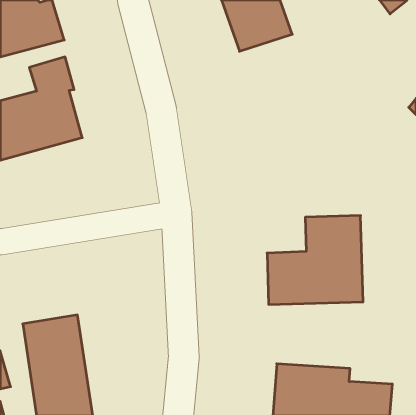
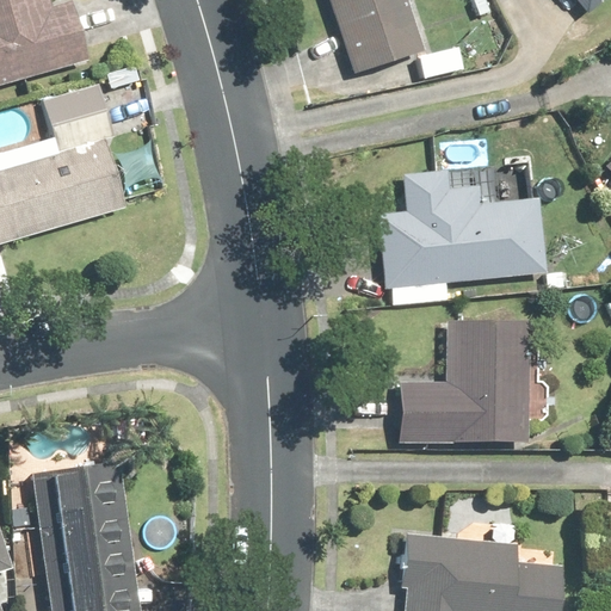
building: none -> [377,165,550,307]

